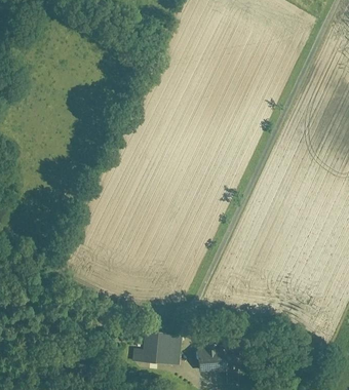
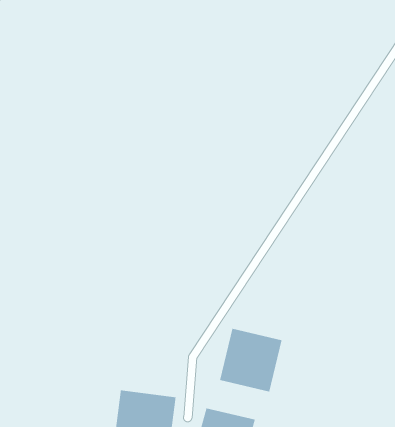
building: none -> [219,328,282,393]

